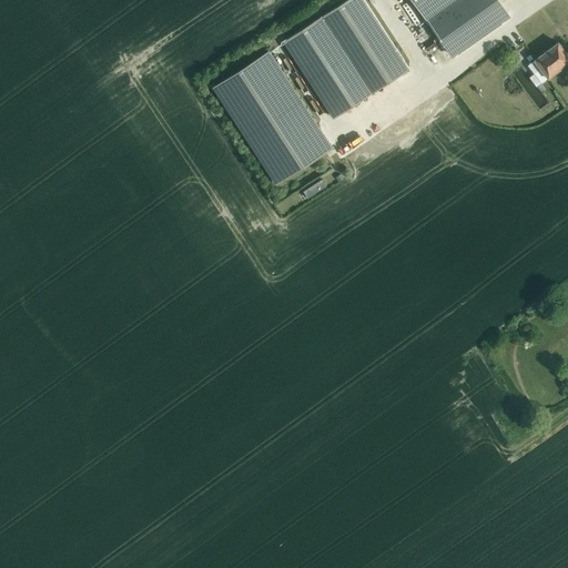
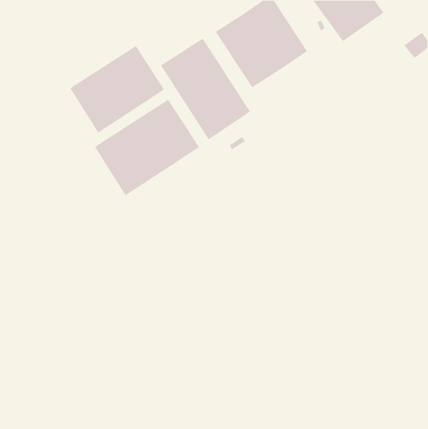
building: none -> [69,45,165,134]
building: none -> [94,99,200,196]

